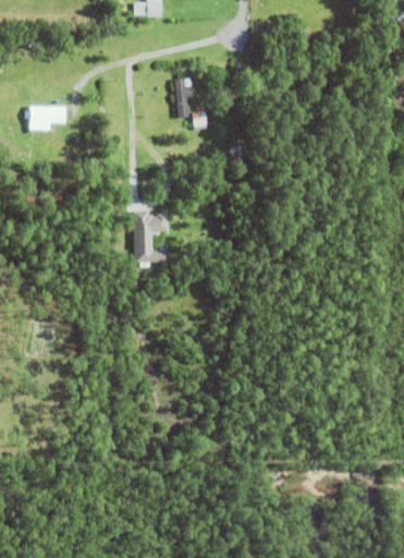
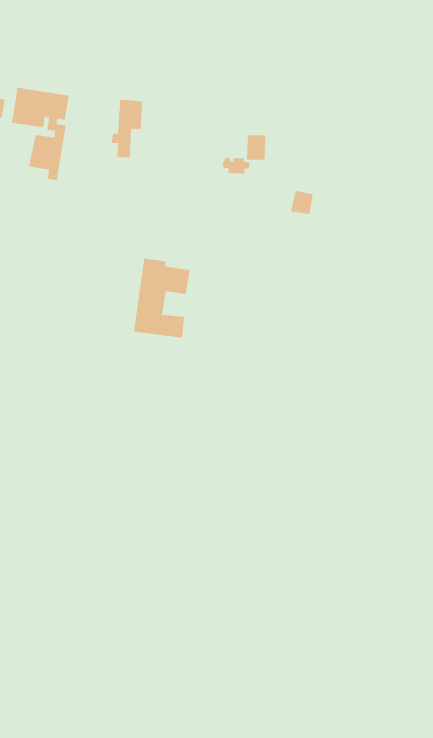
building: [173,77,193,119] -> [111,99,143,158]

